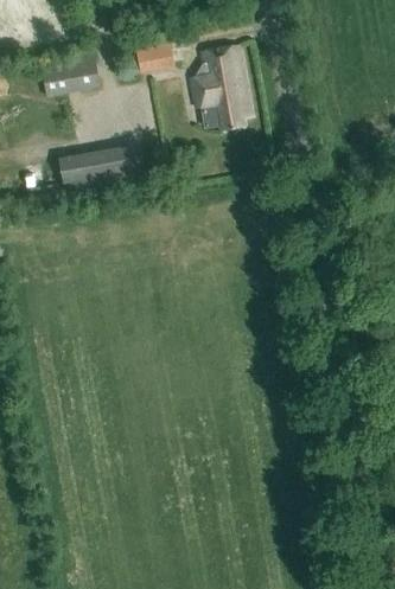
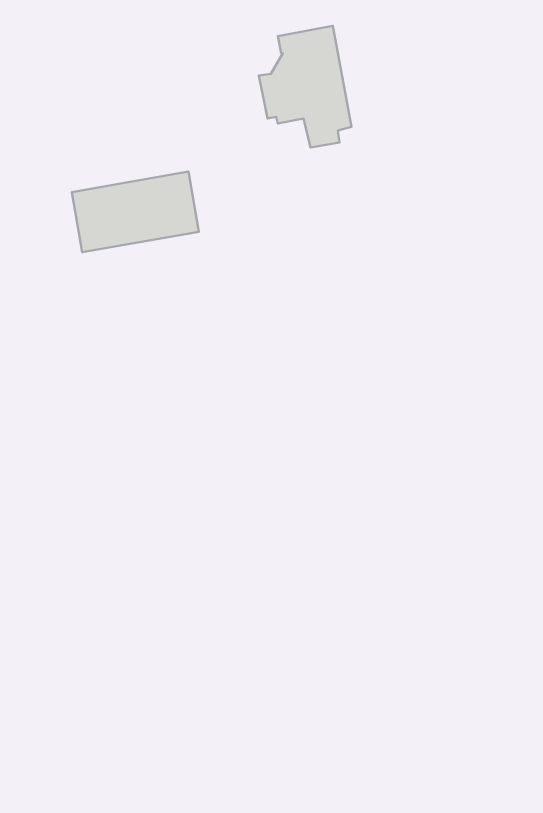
building: [134,37,174,73] -> none
building: [40,53,100,97] -> none

